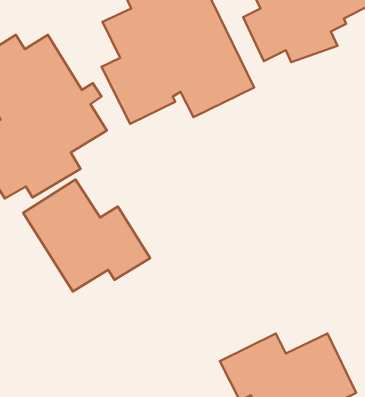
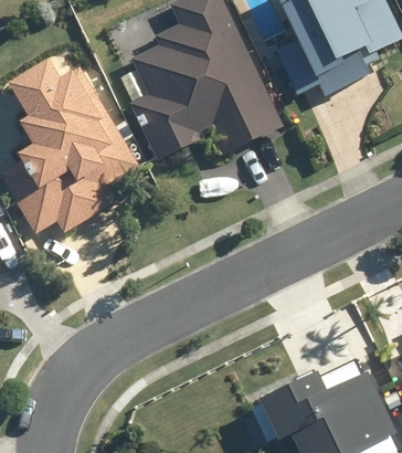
building: [23,179,150,292] -> none

